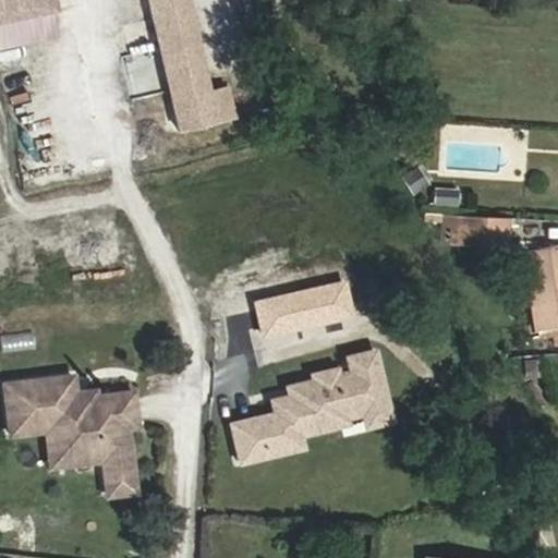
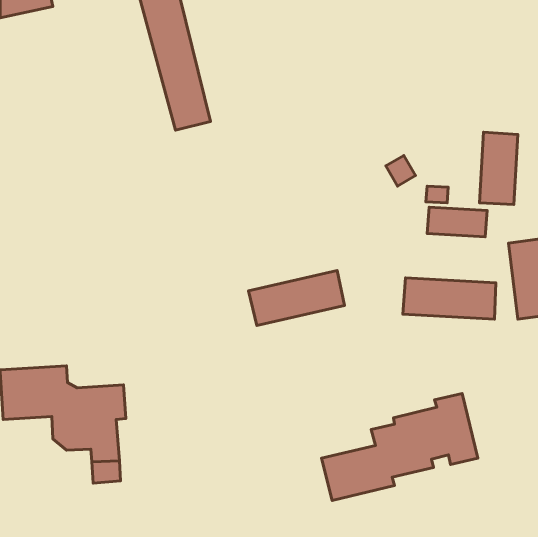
building: none -> [480,132,518,204]
building: none -> [403,278,496,319]
building: [236,348,398,458] -> [322,394,478,500]

